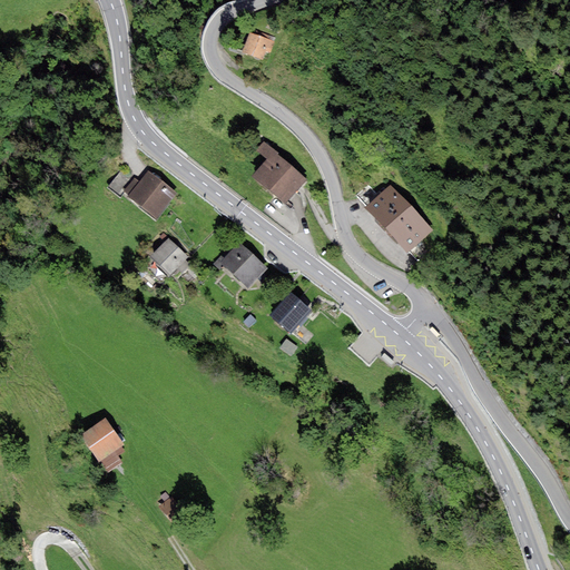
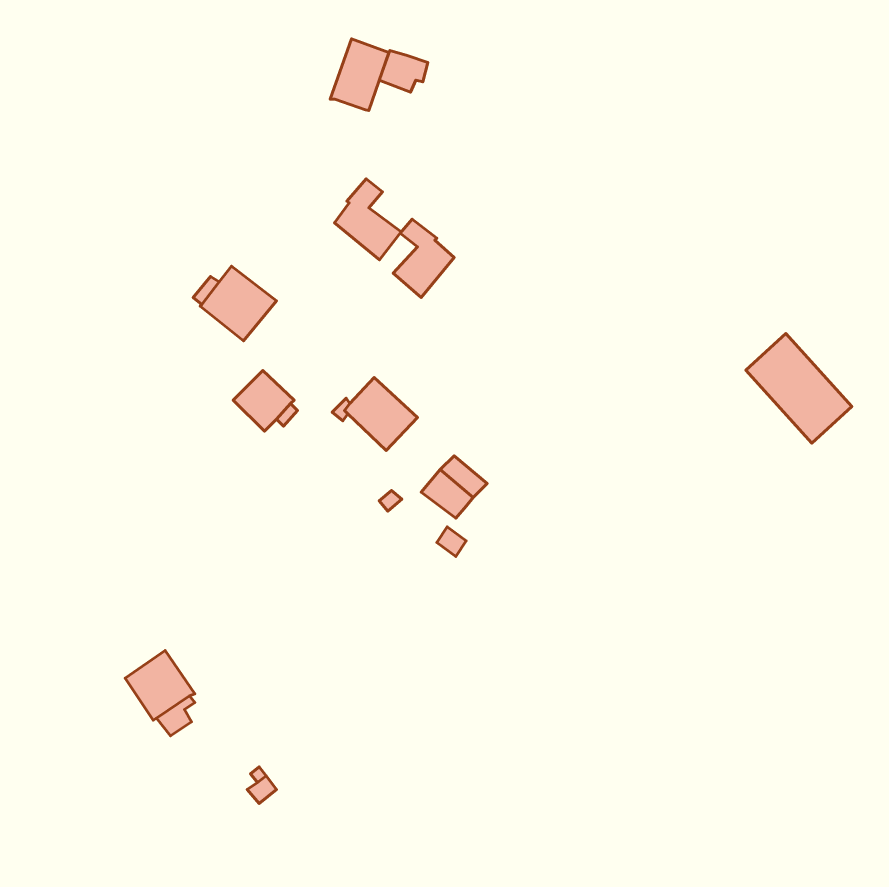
building: none -> [330,39,389,110]
building: none -> [334,179,401,260]
building: [269,165,306,204] -> none
building: [365,184,433,254] -> [746,334,852,443]

